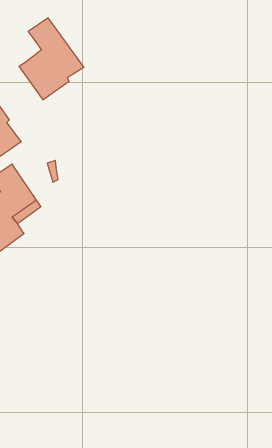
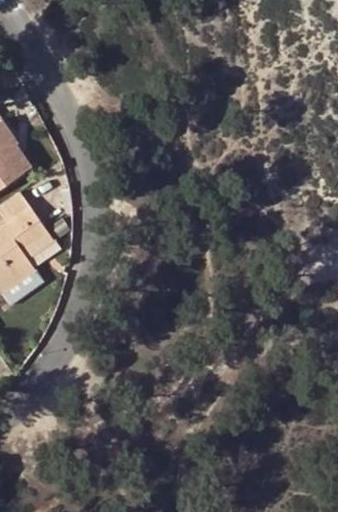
building: [19,18,84,100] -> none

